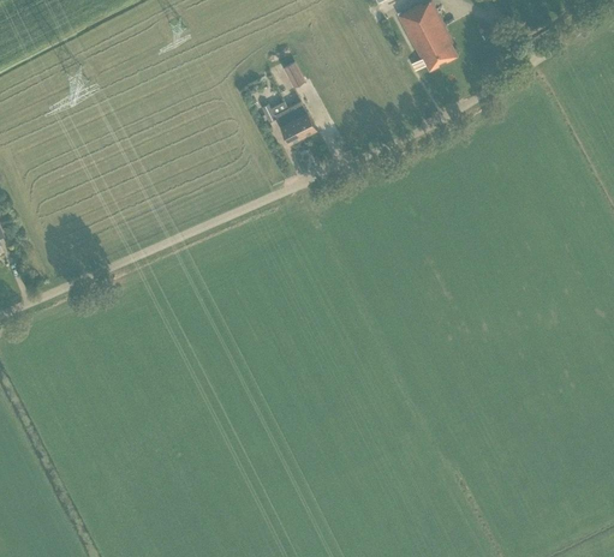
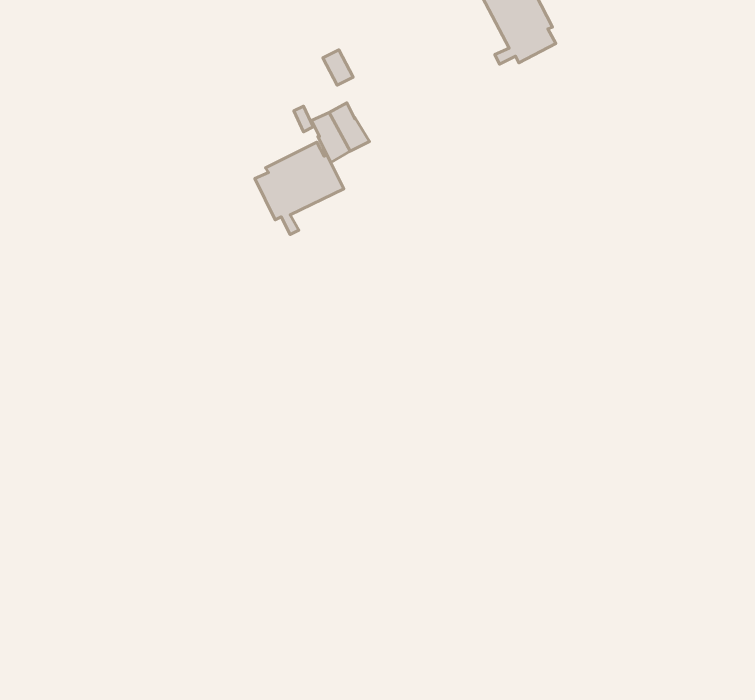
building: none -> [255,142,344,235]

